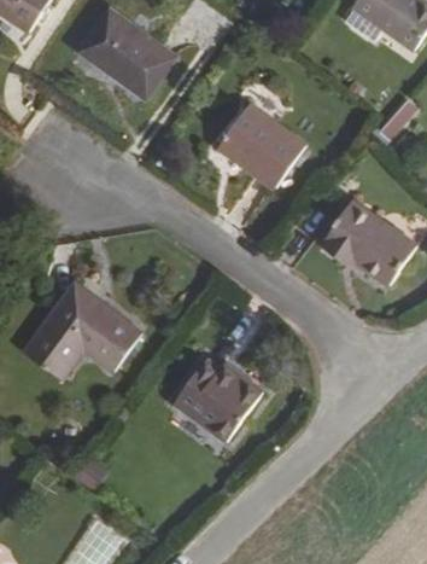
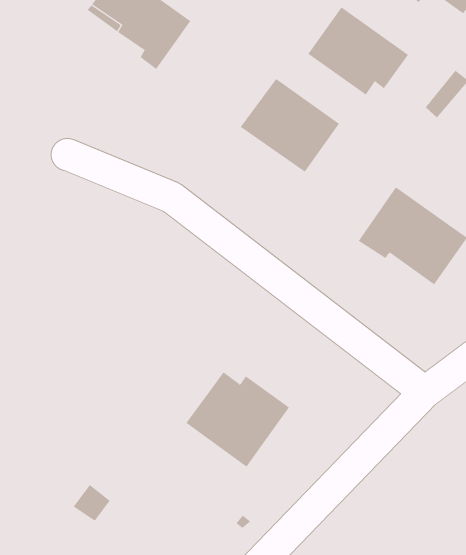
building: none -> [308,6,409,96]
building: [25,284,144,377] -> none

